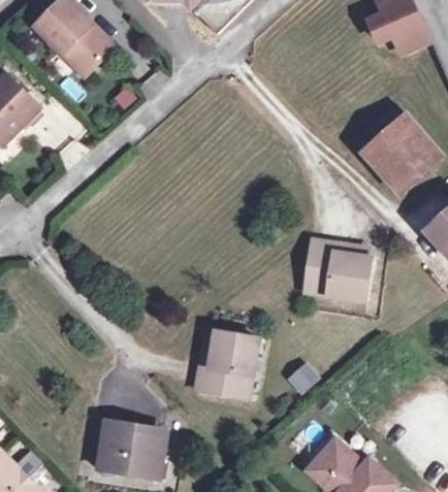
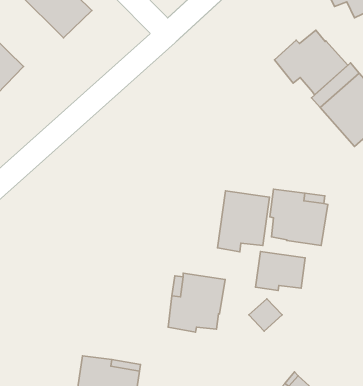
building: none -> [274,30,348,95]
building: none -> [218,191,269,252]
building: none -> [255,252,305,291]

